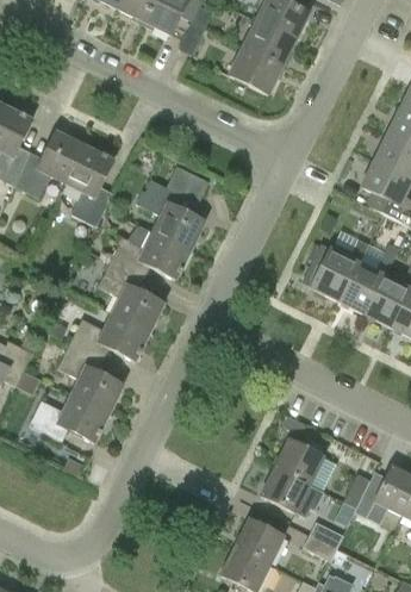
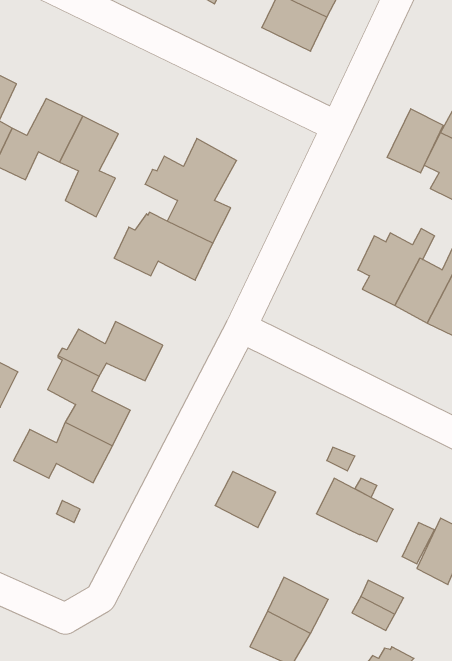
building: none -> [387,109,443,173]
building: [98,261,164,331] -> none
building: [260,467,309,512] -> [215,471,276,528]

